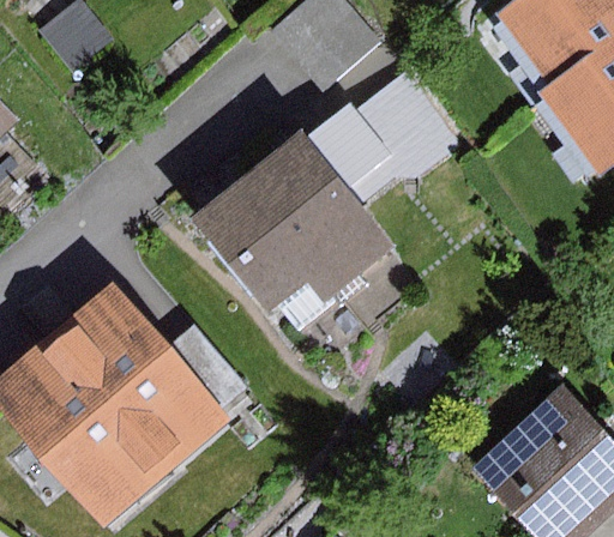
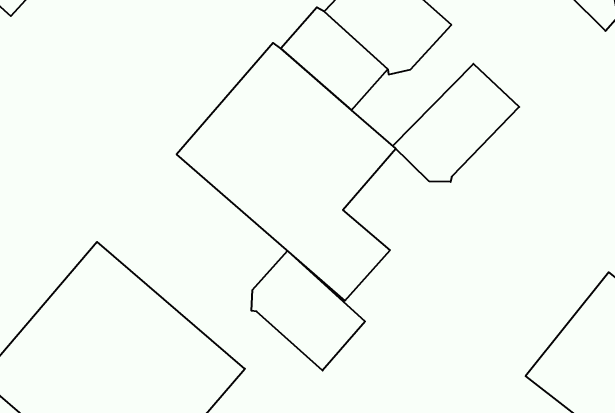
building: none -> [393,64,519,182]
building: none -> [251,251,365,371]

